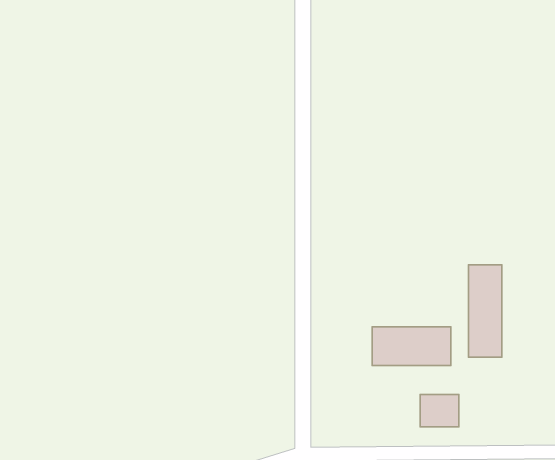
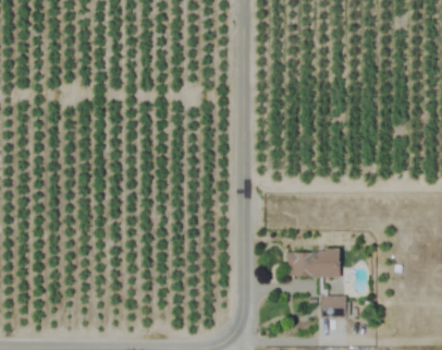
building: [468,265,502,357] -> none

